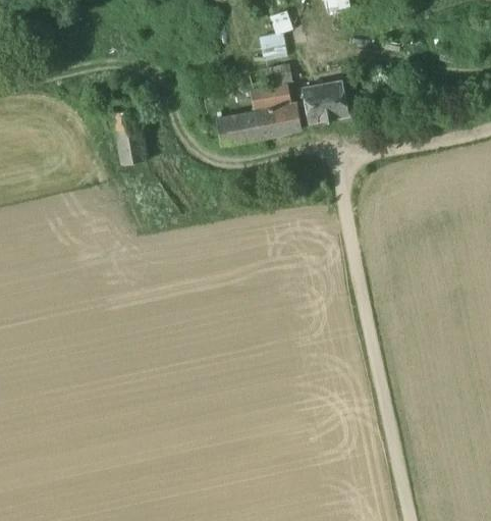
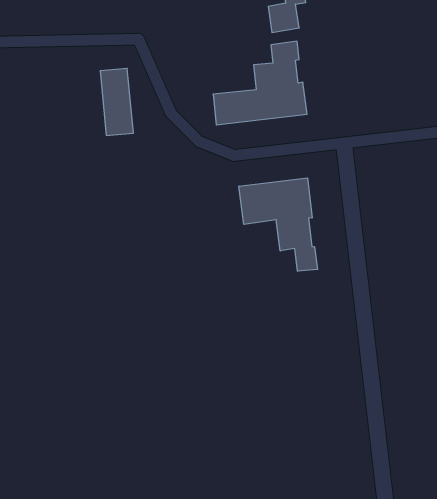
building: [301,80,348,125] -> none
building: none -> [239,178,318,271]

